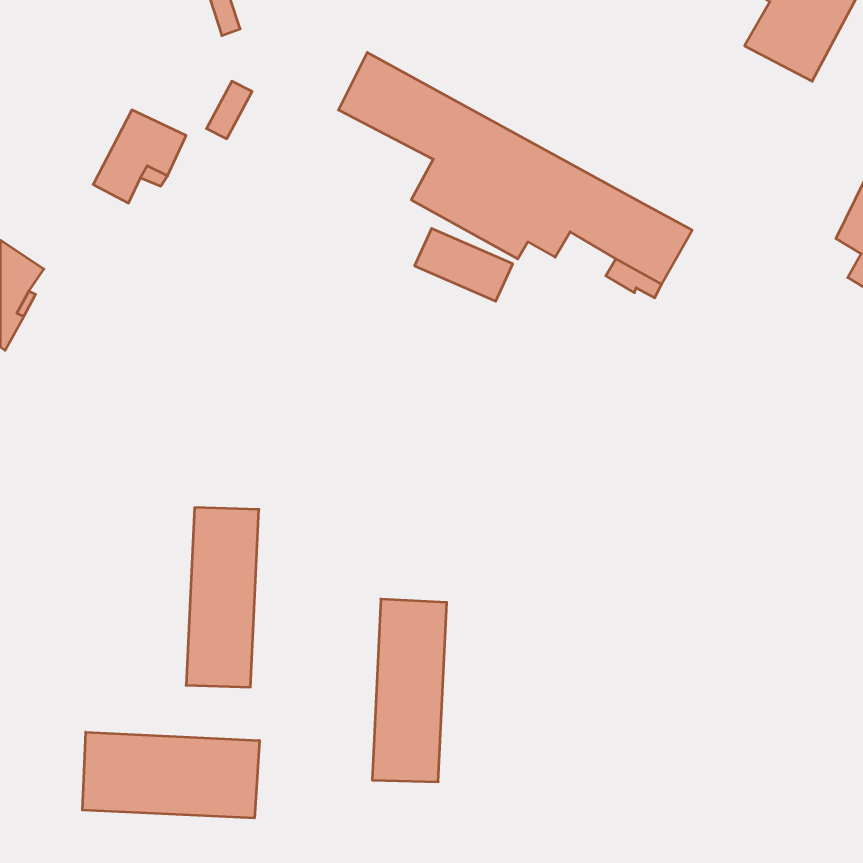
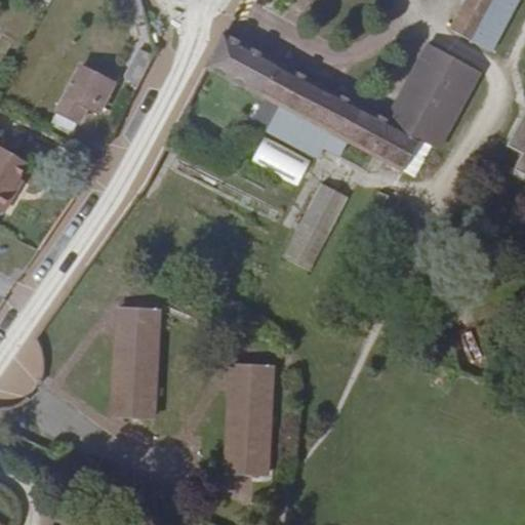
building: none -> [387,44,480,150]
building: none -> [283,181,349,271]
building: [82,732,259,818] -> none

